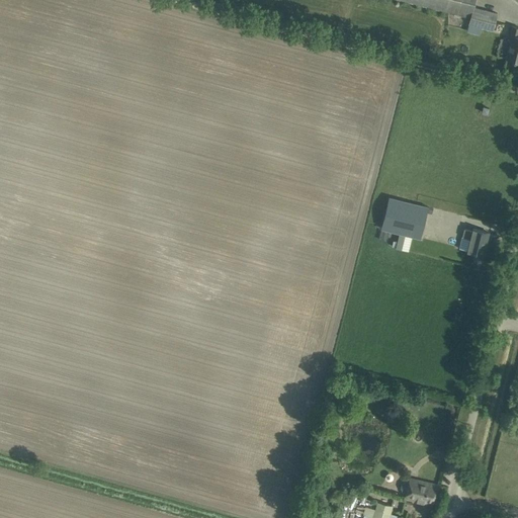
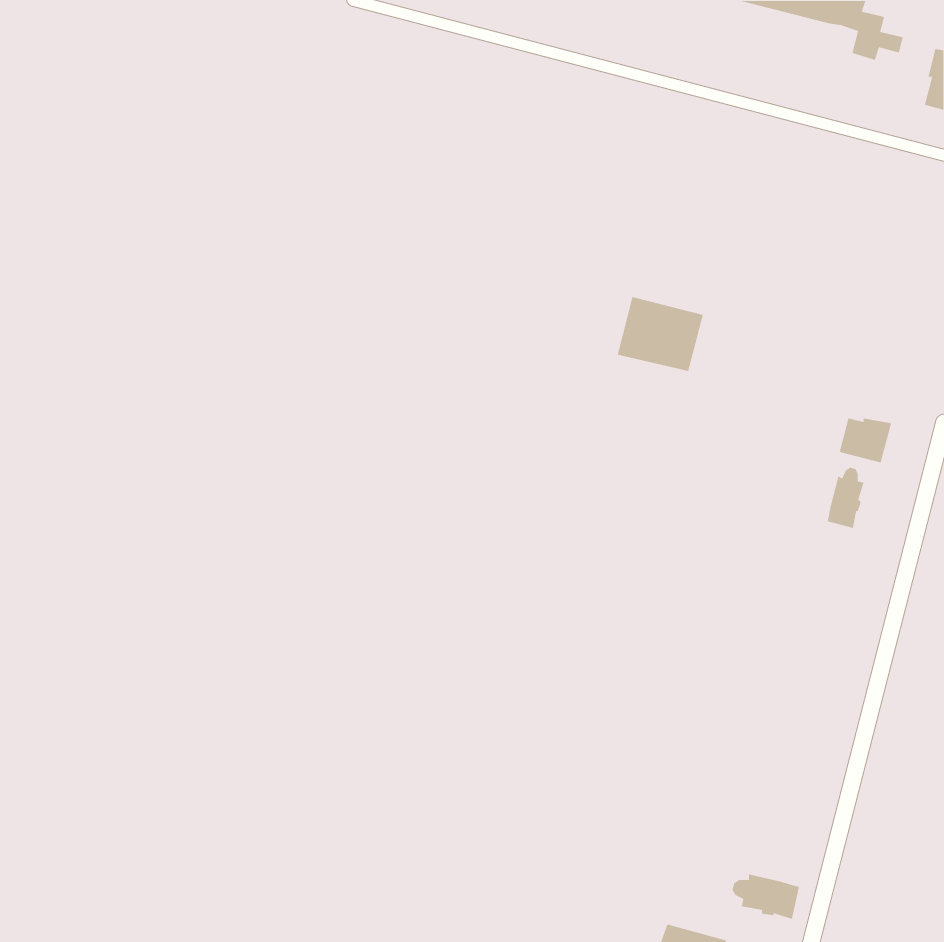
building: [380,197,428,239] -> [617,296,704,372]
building: none -> [827,467,864,529]

